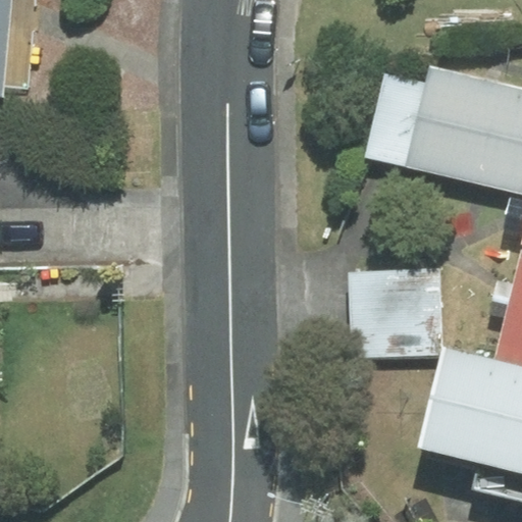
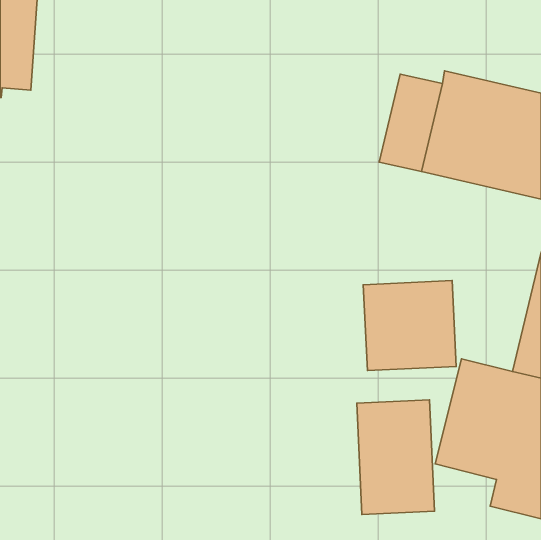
building: none -> [357,400,435,515]

